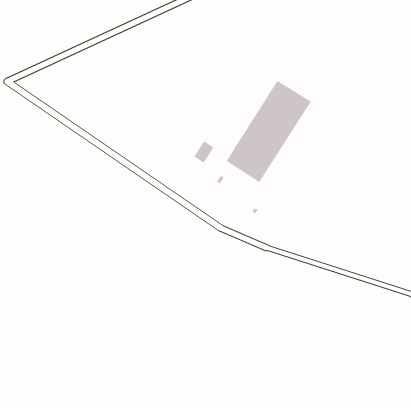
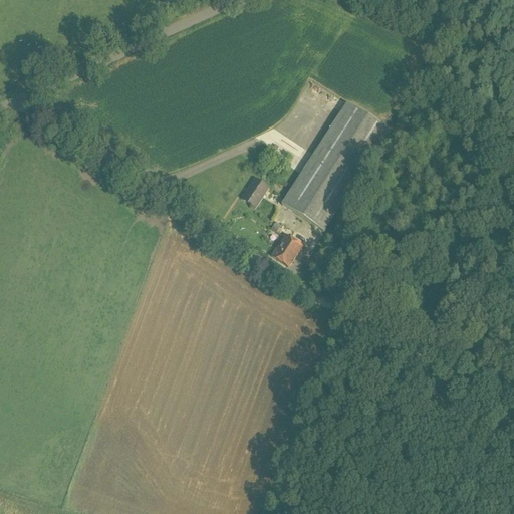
building: none -> [270,231,301,264]

